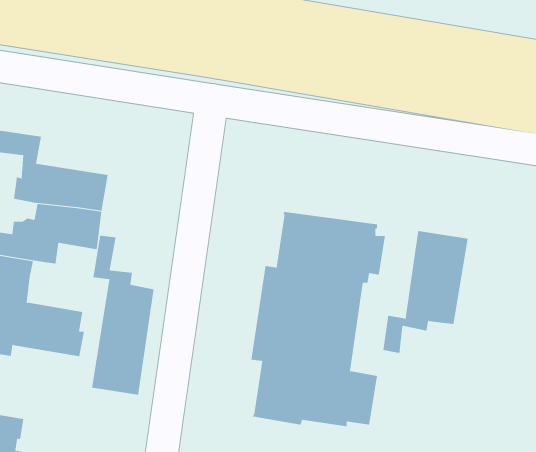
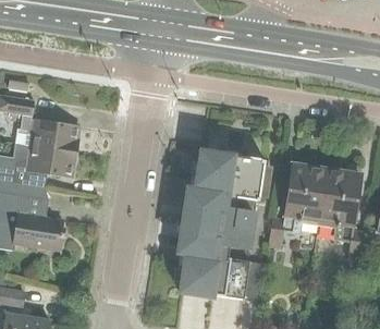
building: [91,235,154,396] -> none
building: none -> [317,169,364,258]

